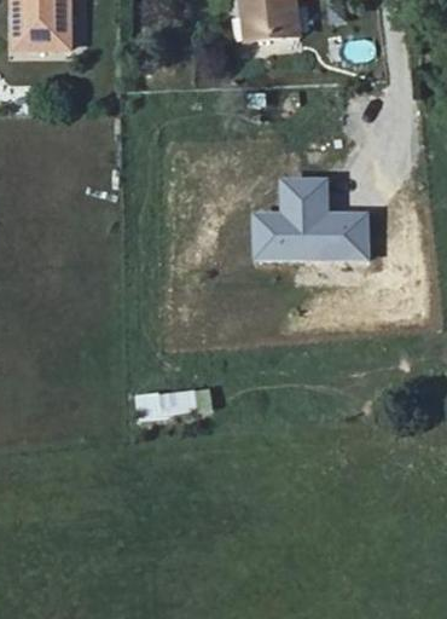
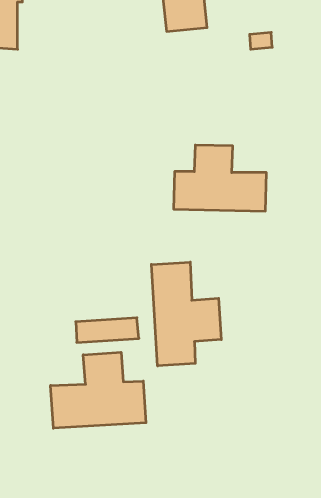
building: none -> [151,262,221,366]
building: none -> [51,352,146,428]

